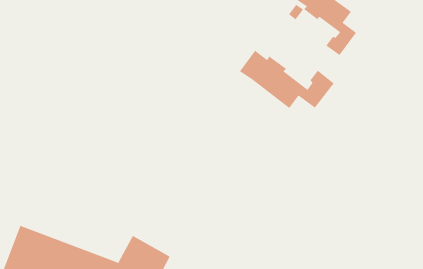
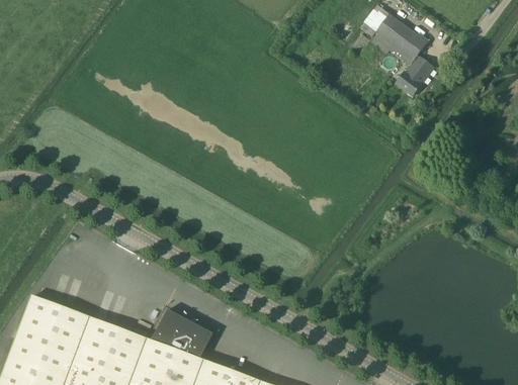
building: [239,50,334,109] -> none

